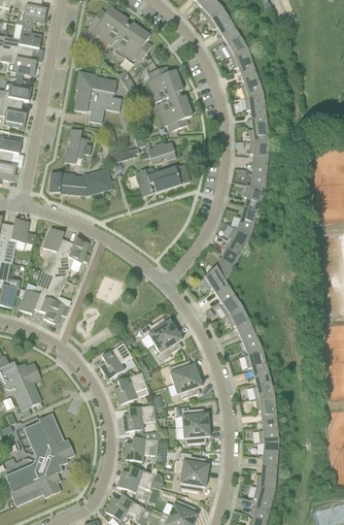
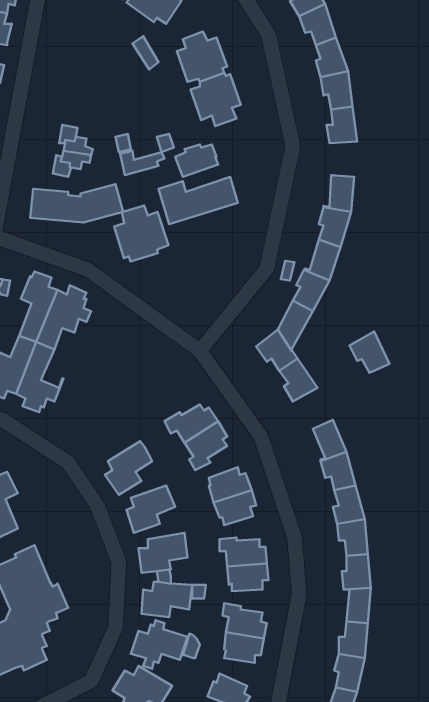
building: [74,73,122,123] -> none
building: [250,140,270,164] -> none
building: none -> [114,206,169,261]
building: [227,306,253,334] -> [350,332,389,373]

